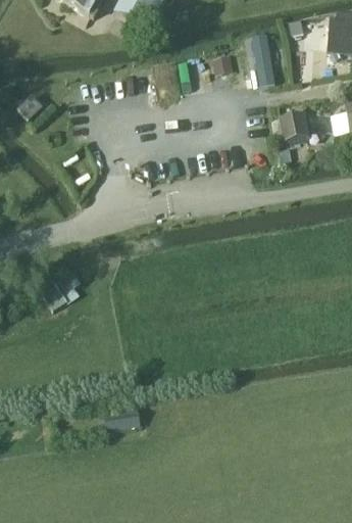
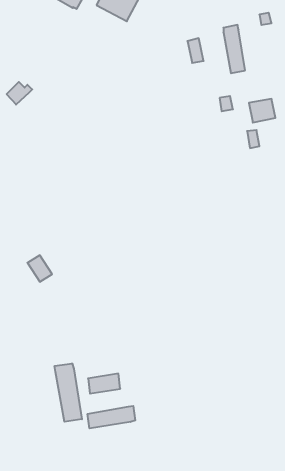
building: none -> [55,363,82,422]
building: none -> [88,406,135,428]

